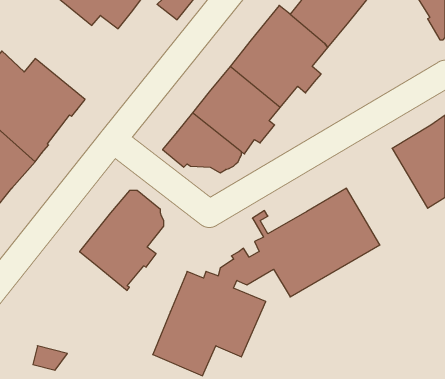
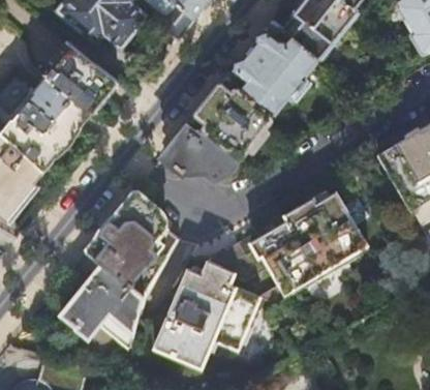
building: none -> [44,42,117,112]
building: none -> [61,267,142,350]

